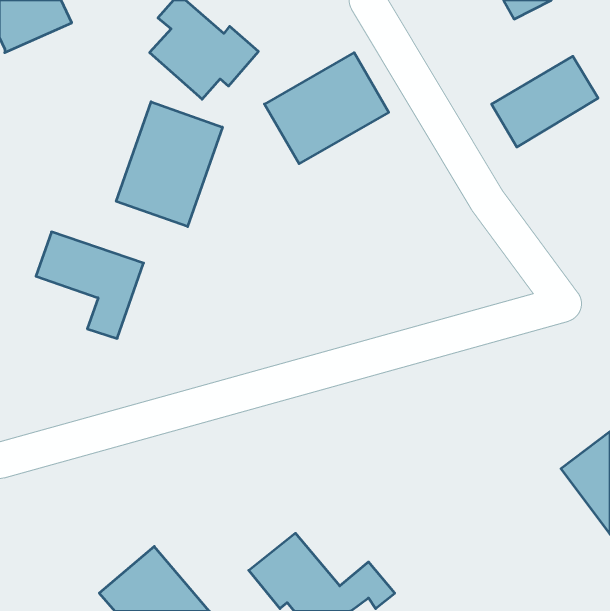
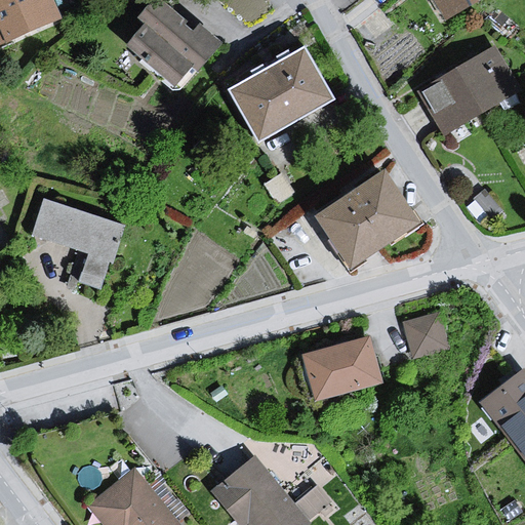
building: [116,102,222,227] -> none
building: none -> [313,167,420,269]
building: none -> [404,313,449,358]
building: none -> [301,336,380,401]

